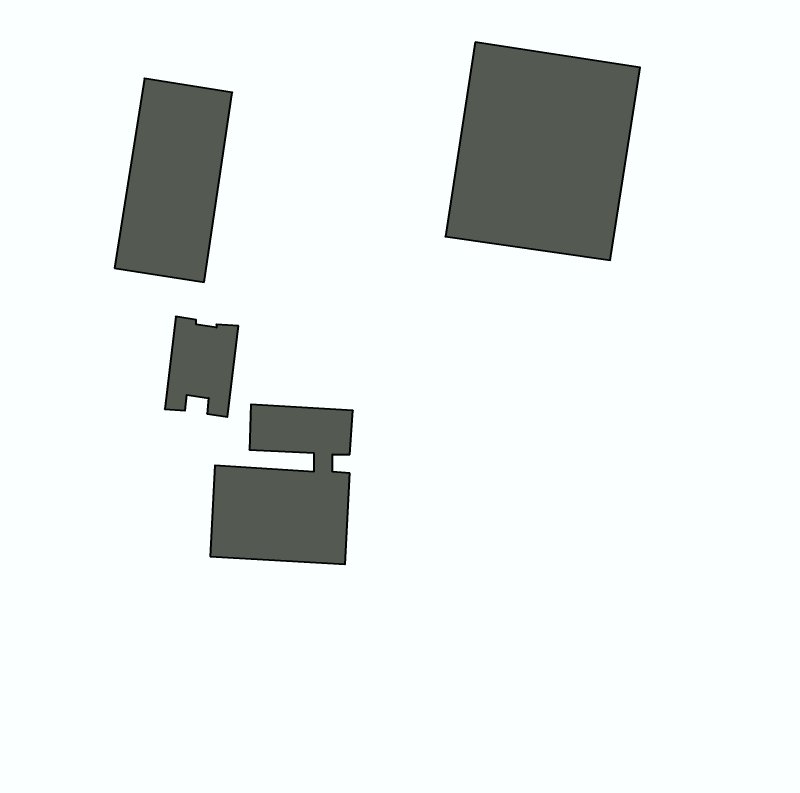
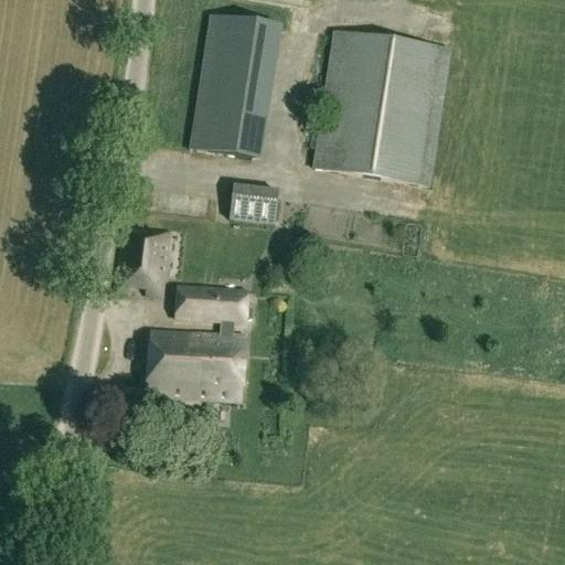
building: [115,78,232,282] -> [190,13,273,157]
building: none -> [228,183,277,223]

